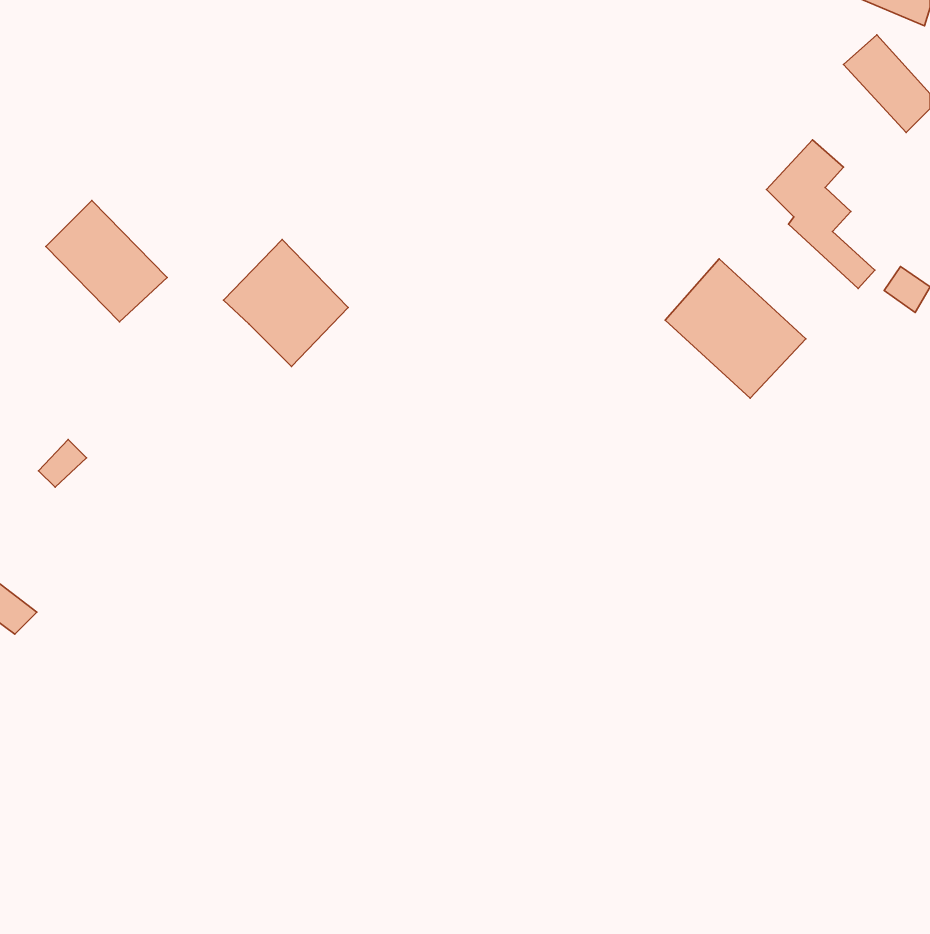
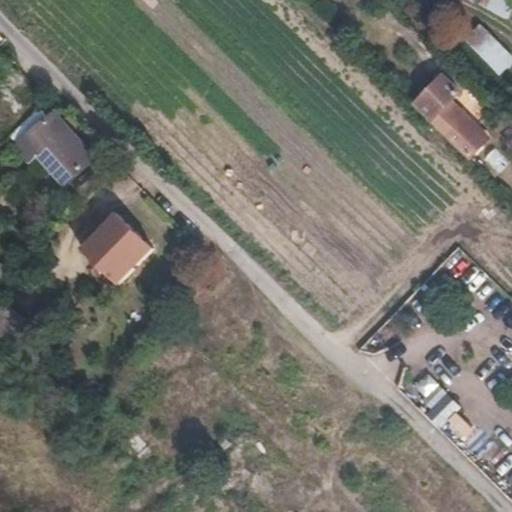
building: [223,240,348,366] -> [81,210,149,279]
building: [665,259,806,398] -> none

